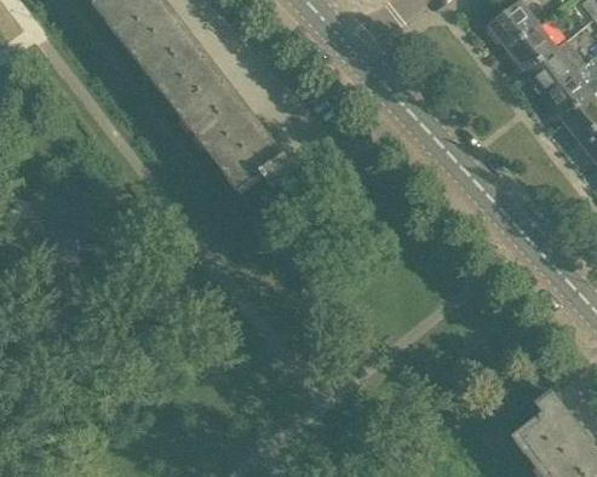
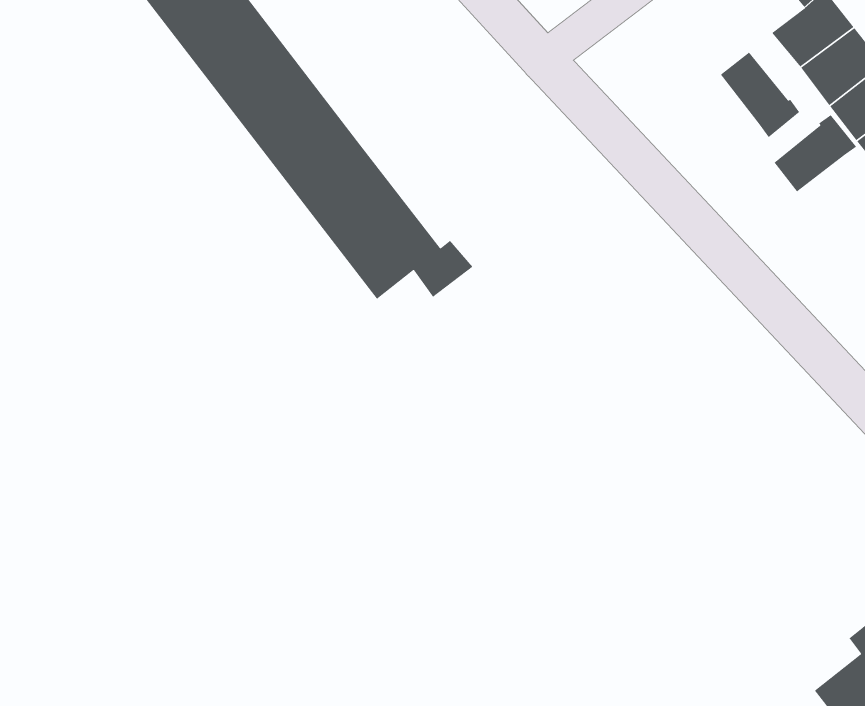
building: none -> [720,51,800,138]
building: none -> [773,114,857,193]

